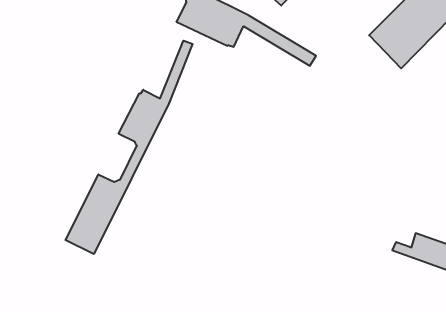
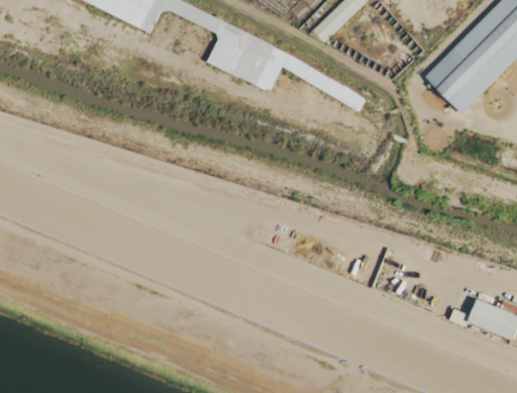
building: [65,41,193,254] -> none

